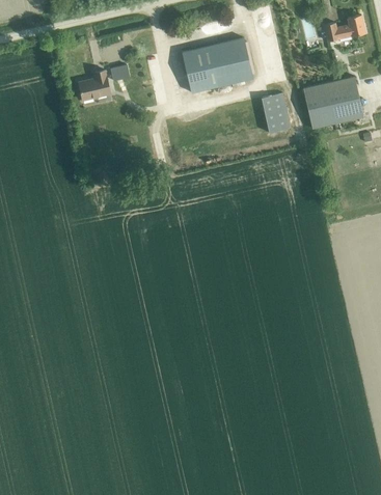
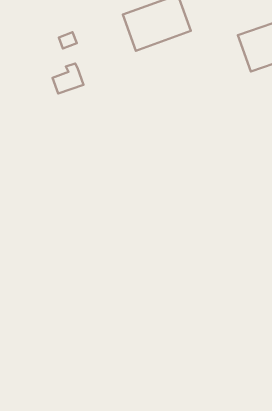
building: [79,71,111,101] -> [53,63,83,94]
building: [262,93,291,134] -> none

